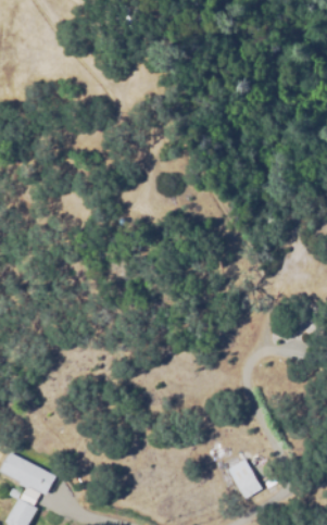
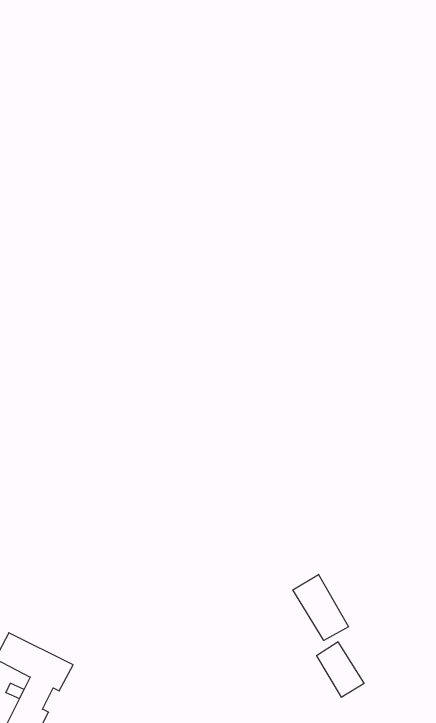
building: none -> [293,574,349,640]

